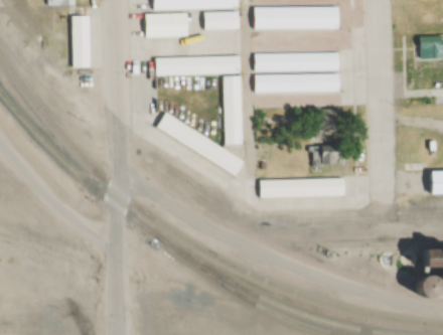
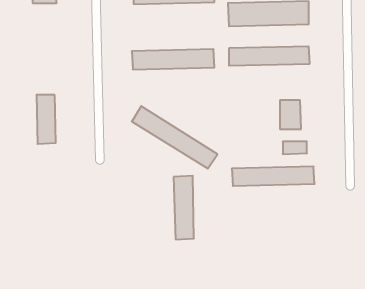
building: [205,11,241,30] -> none
building: [147,12,189,36] -> none
building: [72,17,93,68] -> [36,95,56,144]
building: [256,73,339,95] -> none
building: [223,76,244,143] -> [174,176,194,239]

